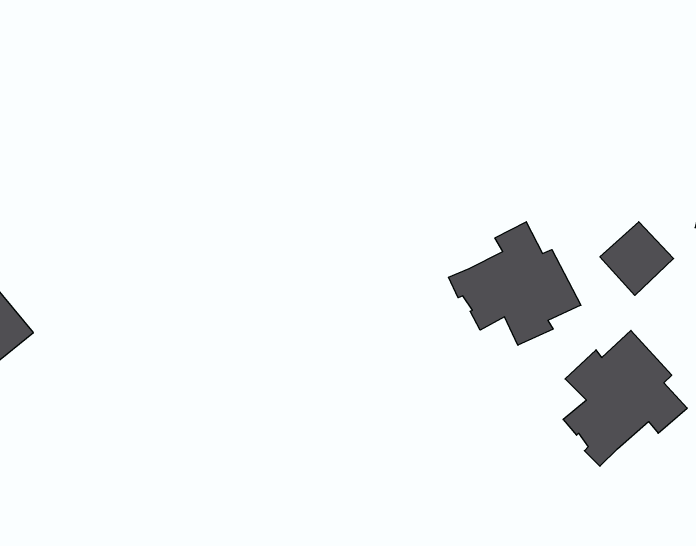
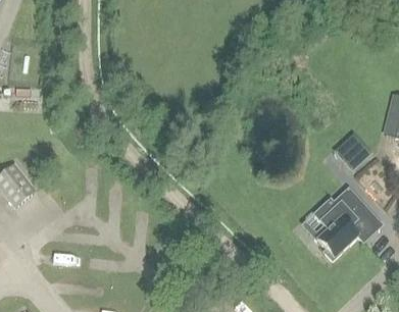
building: [448,222,581,345] -> none

